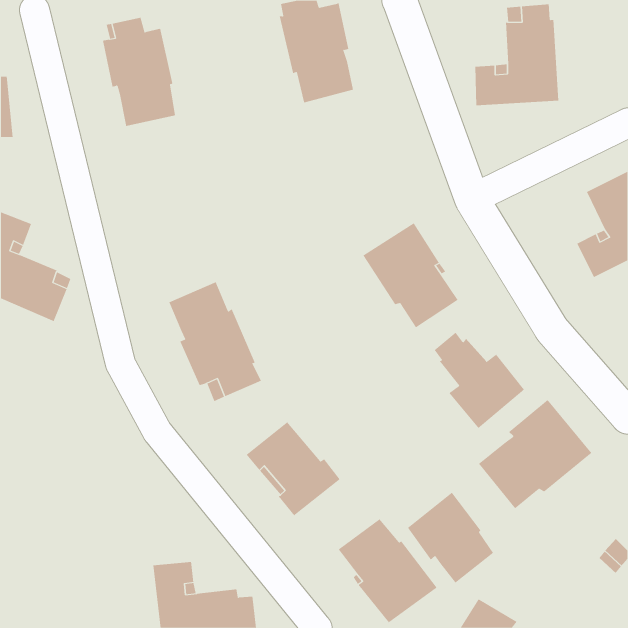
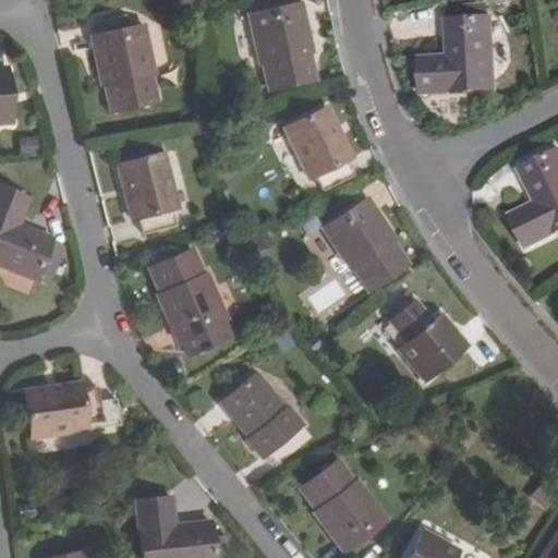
building: none -> [284,107,353,192]
building: none -> [114,141,178,235]
building: [478,399,592,509] -> none
building: none -> [24,384,119,438]
building: [407,492,494,583] -> none

